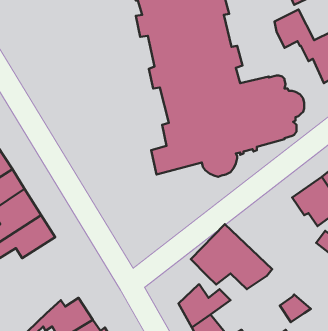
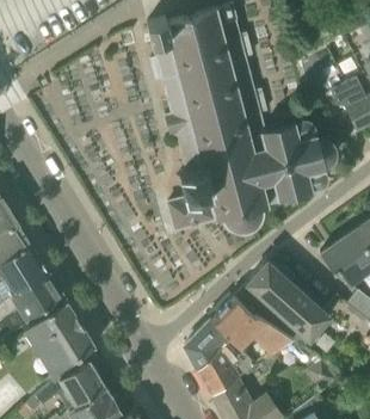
building: none -> [248,261,329,339]
building: none -> [24,302,95,380]
building: none -> [185,321,229,369]

